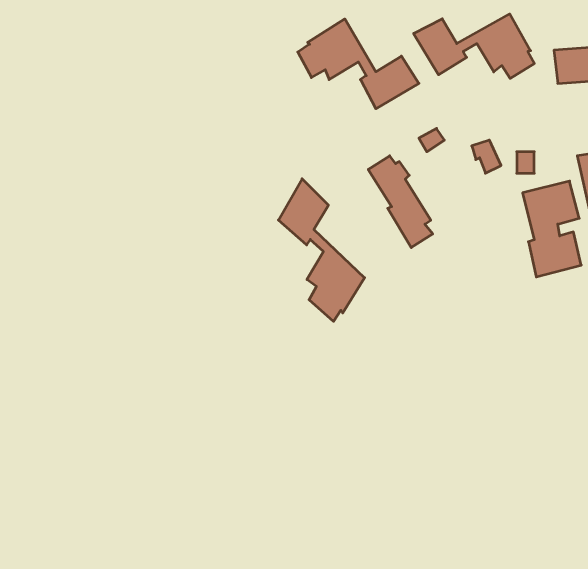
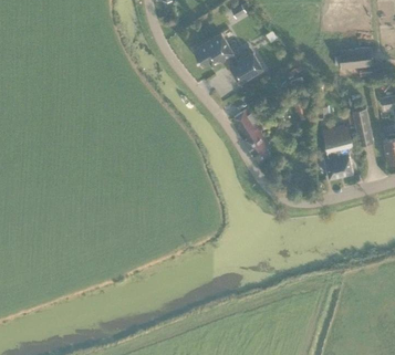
building: [414,14,534,78] -> none
building: [278,179,365,321] -> none

